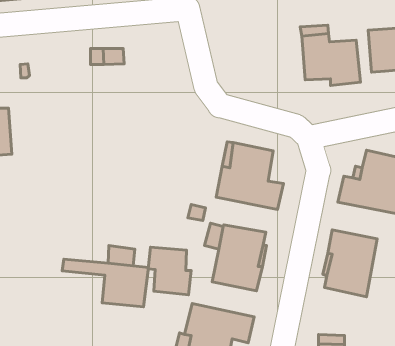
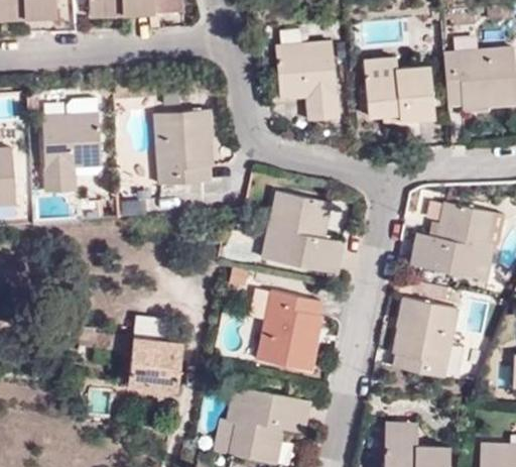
building: none -> [276,45,340,122]
building: none -> [42,100,101,192]
building: none -> [154,111,212,184]
building: [148,247,191,295] -> none

